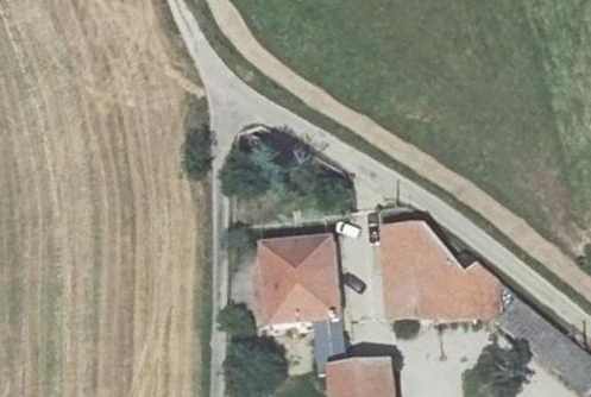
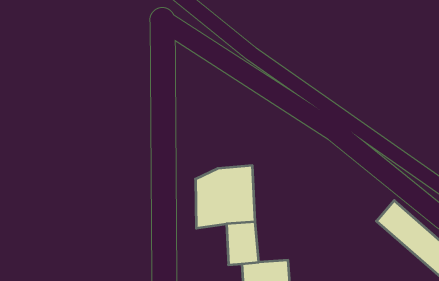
building: [383,232,480,330] -> none

